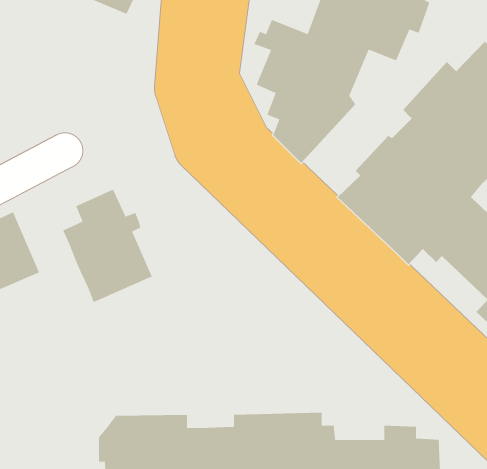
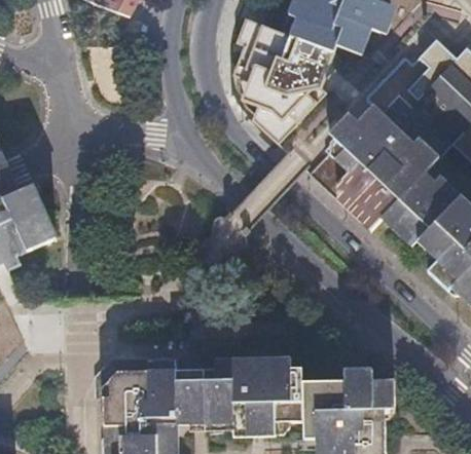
building: [62,189,152,303] -> none

